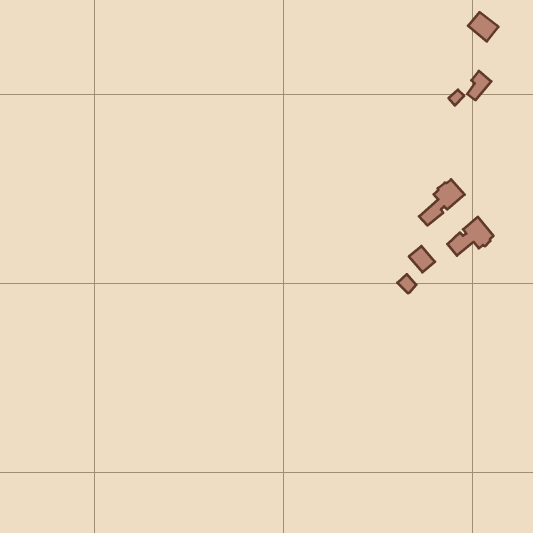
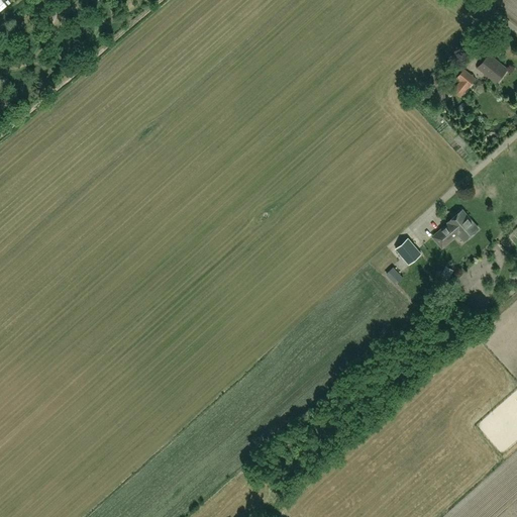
building: [468,12,498,41] -> [478,55,507,83]
building: [419,179,465,225] -> none

